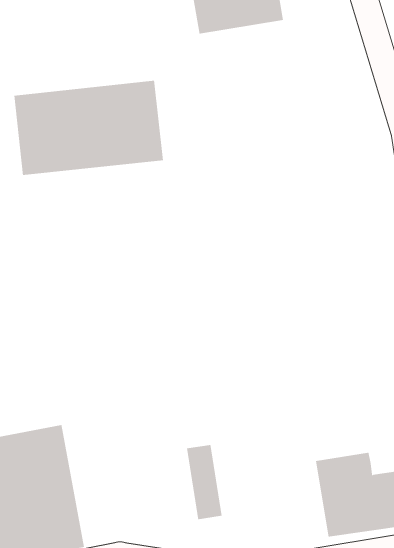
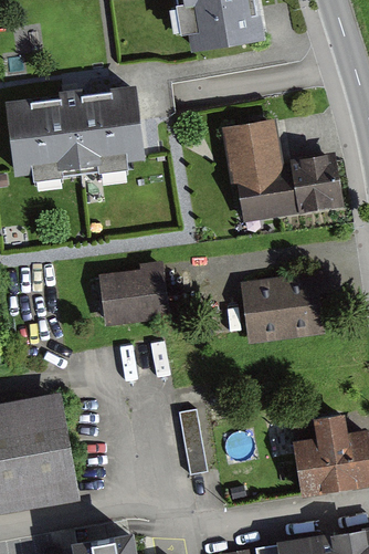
building: none -> [228,121,336,226]
building: none -> [101,270,171,325]
building: none -> [239,279,314,339]

